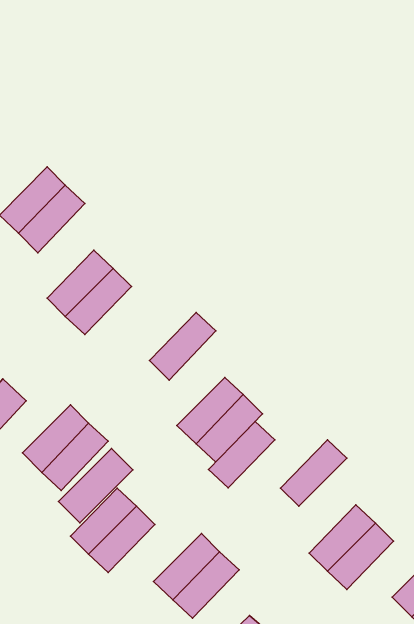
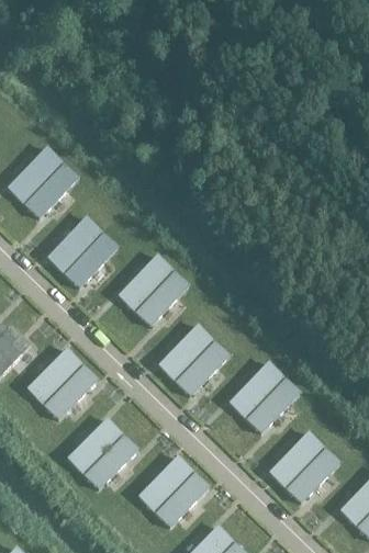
building: none -> [118,253,174,309]
building: [209,421,275,488] -> [228,361,284,417]
building: [59,448,133,523] -> none

